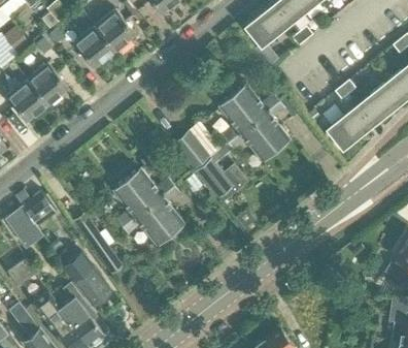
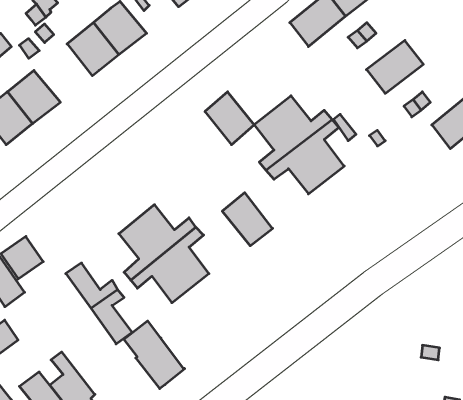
building: [328,106,372,148] -> [366,40,423,93]
building: [172,130,210,171] -> [205,92,254,145]
building: [65,254,112,307] -> [124,321,185,389]

